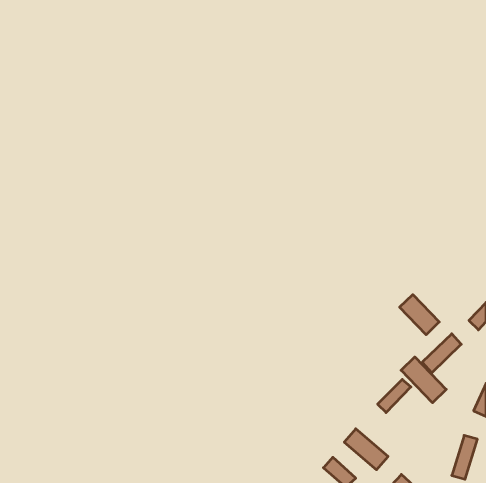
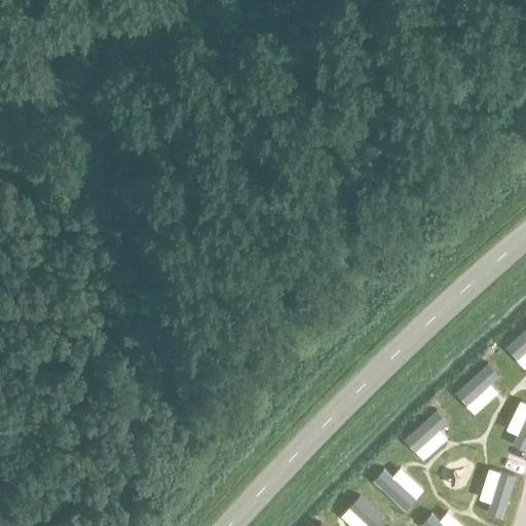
building: [400,295,439,335] -> none
building: [401,357,446,403] -> none

